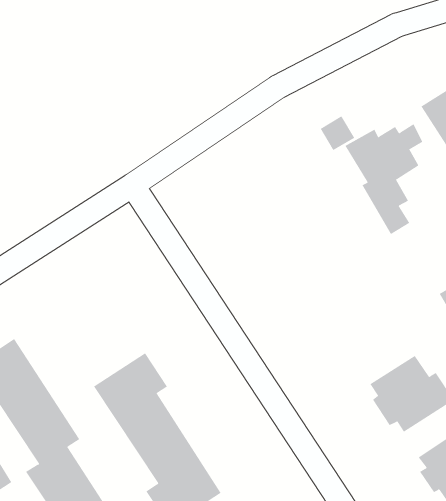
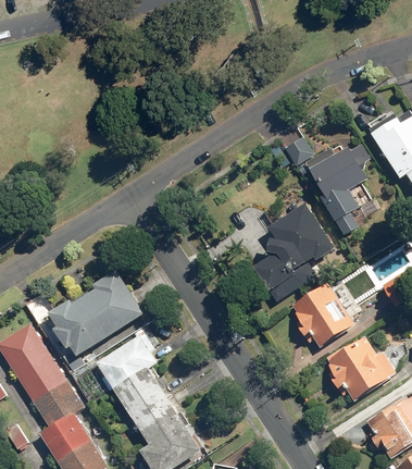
building: none -> [252,205,334,303]
building: none -> [49,269,143,356]
building: none -> [288,282,352,347]

